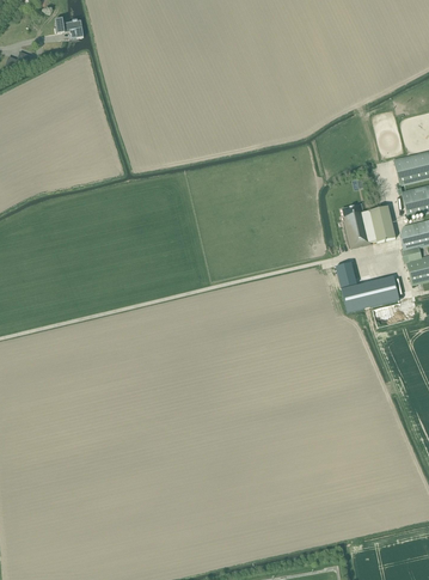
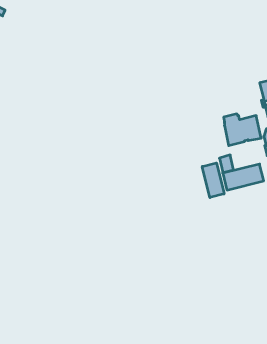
building: none -> [202,163,224,198]

